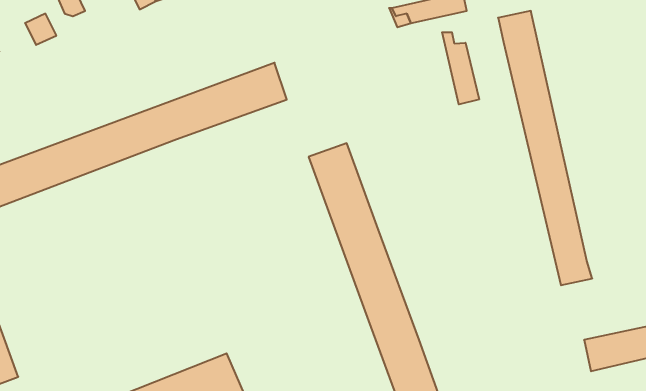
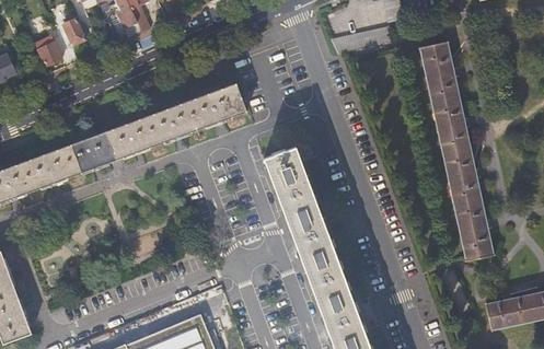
building: [442,32,479,104] -> none

